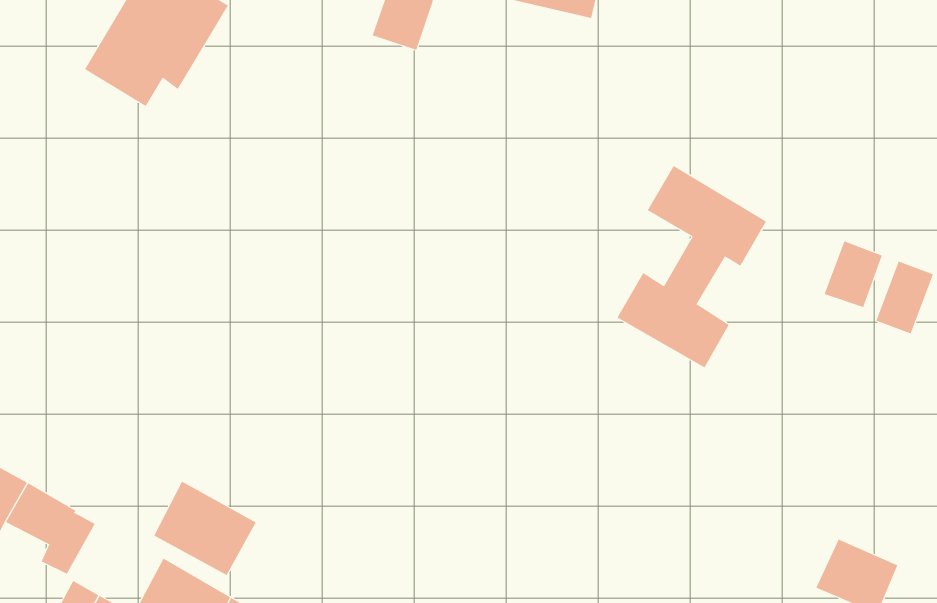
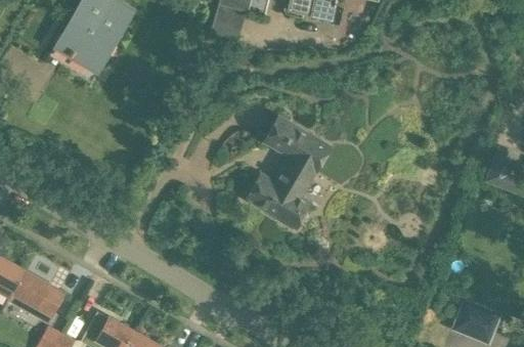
building: [617,165,767,368] -> [248,117,330,227]
building: [824,241,883,308] -> none
building: [153,481,256,576] -> none

